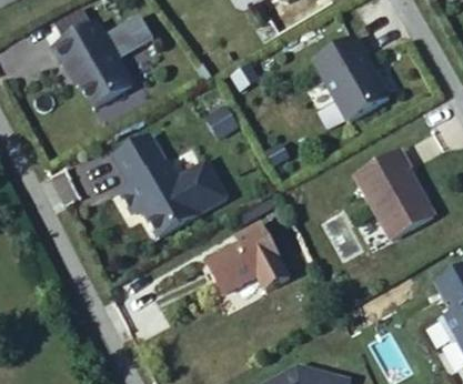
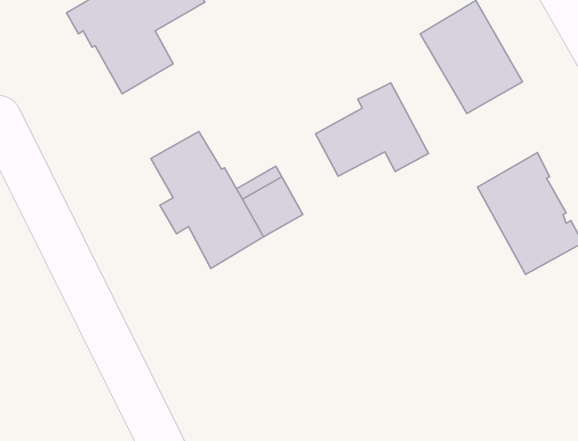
building: [204,226,288,295] -> [316,83,428,176]

